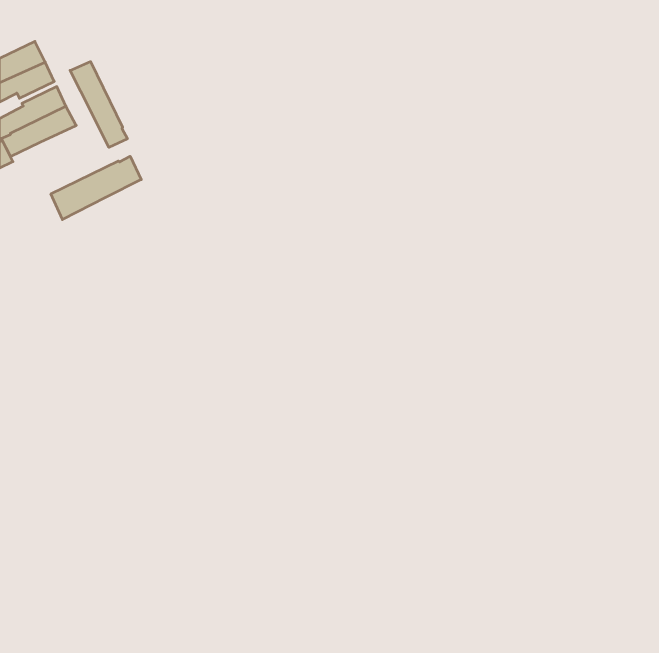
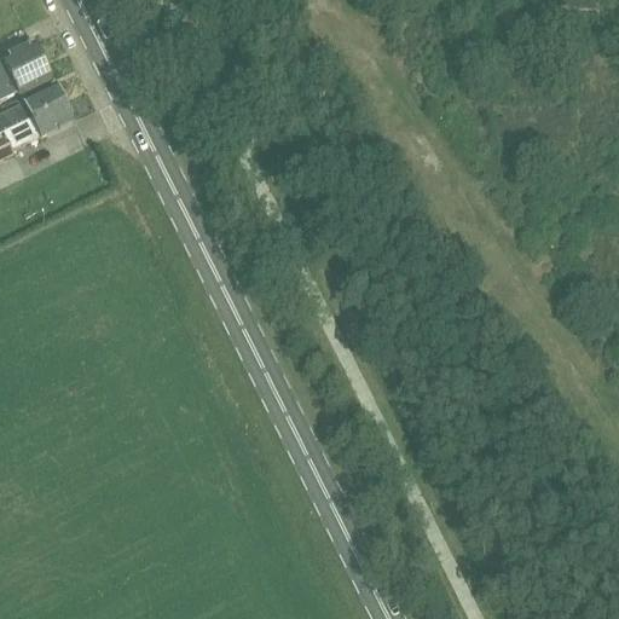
building: [70,62,127,147] -> none
building: [51,156,141,220] -> none

